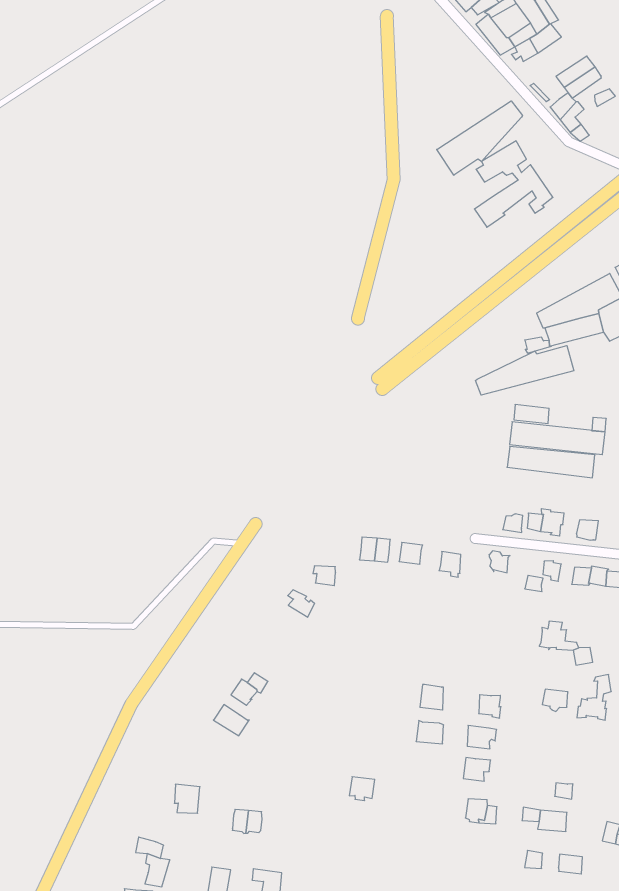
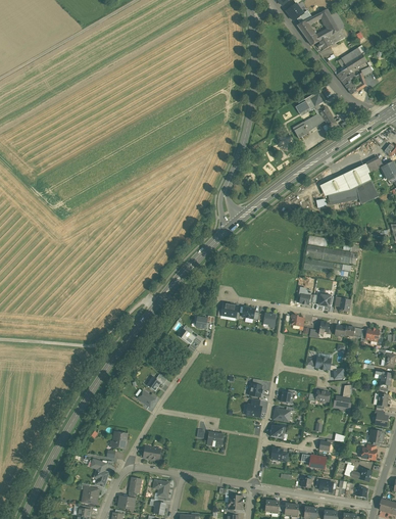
building: [437,101,522,175] -> none
building: [476,346,574,395] -> none

